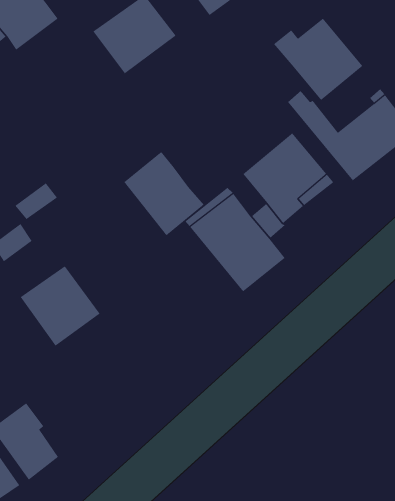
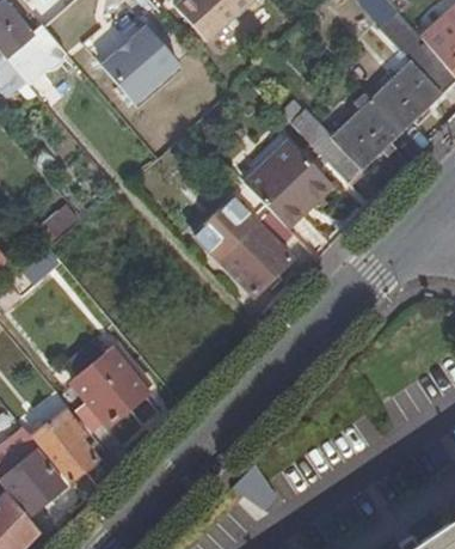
building: [273,18,363,101] -> none
building: [124,151,204,236] -> none
building: [20,265,100,346] -> [73,350,148,426]

